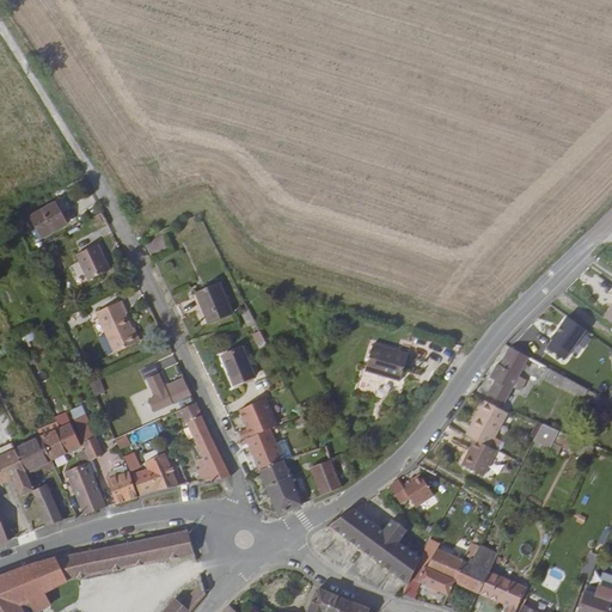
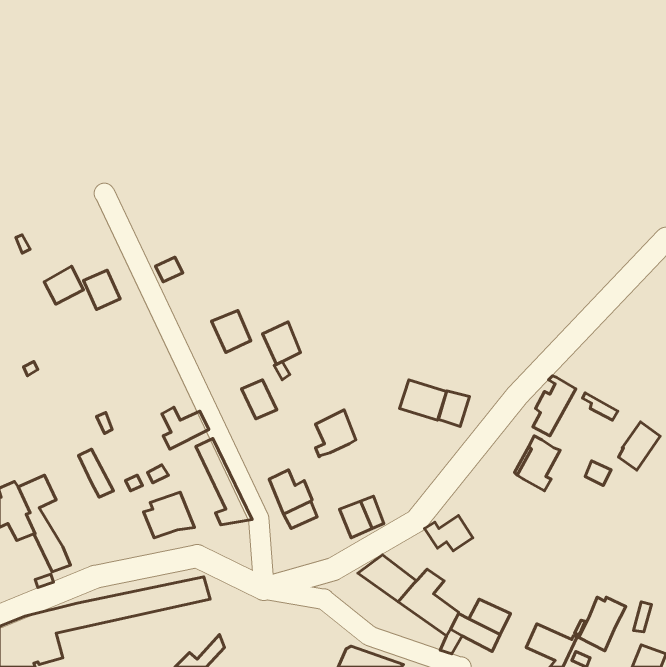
building: [31,206,67,240] -> [44,266,83,304]
building: none -> [262,322,301,364]
building: [97,304,139,356] -> none
building: [545,318,583,362] -> [618,422,660,470]
building: none -> [439,391,469,426]
building: [233,399,270,442] -> [315,410,356,457]
building: [38,422,80,458] -> none
building: [465,439,501,476] -> none
building: [68,458,104,510] -> none
building: [108,469,137,501] -> none
building: [267,473,302,510] -> none
building: [458,544,501,593] -> [579,597,626,651]

